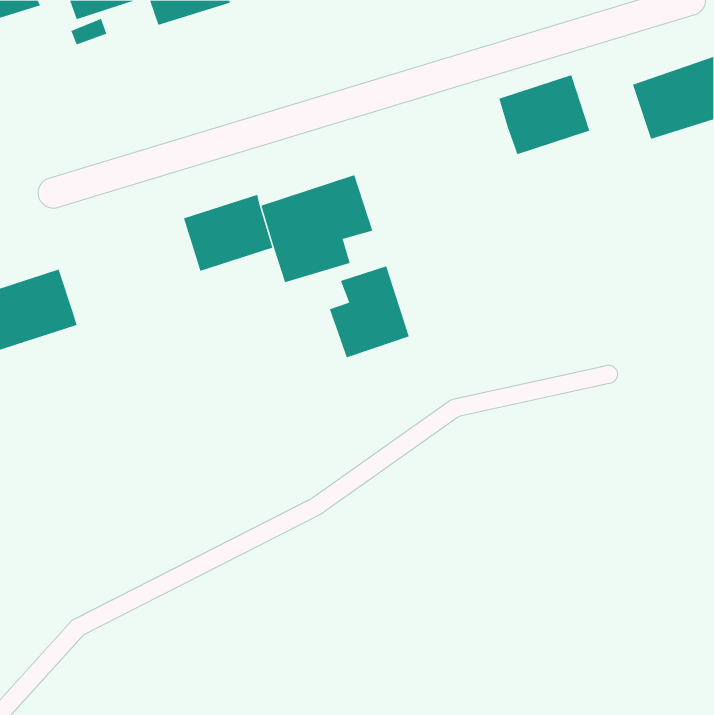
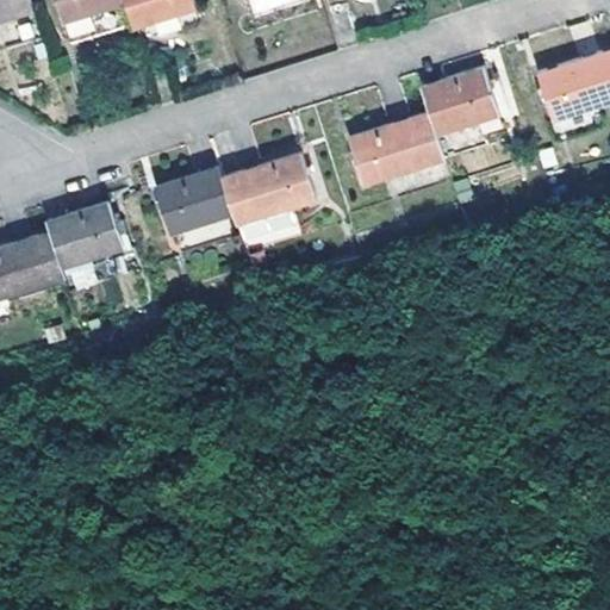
building: none -> [350,111,444,183]
building: none -> [46,200,125,267]
building: [329,265,409,358] -> none

